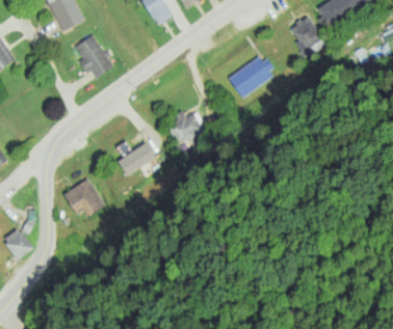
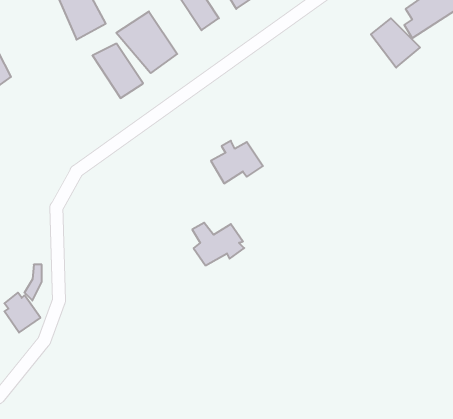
building: none -> [116,11,177,73]
building: [230,56,272,98] -> none
building: [115,142,156,175] -> [192,223,244,265]
building: [63,179,105,221] -> none

